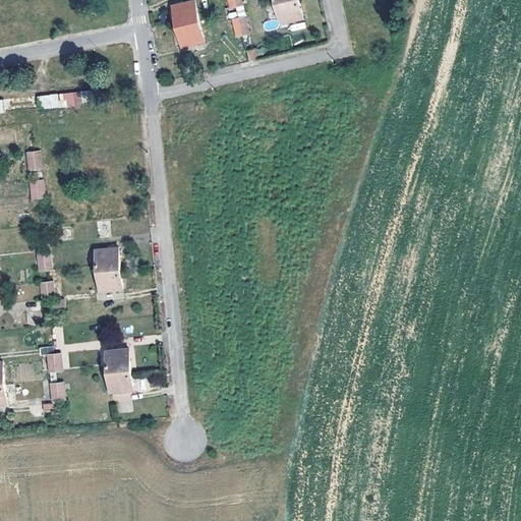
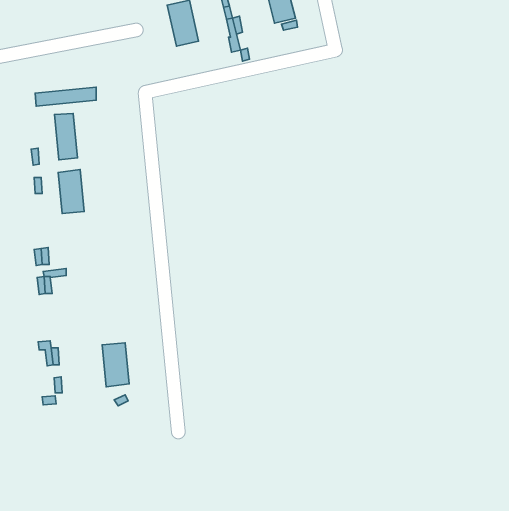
building: none -> [54,114,78,160]
building: [94,246,120,291] -> [58,170,84,214]

